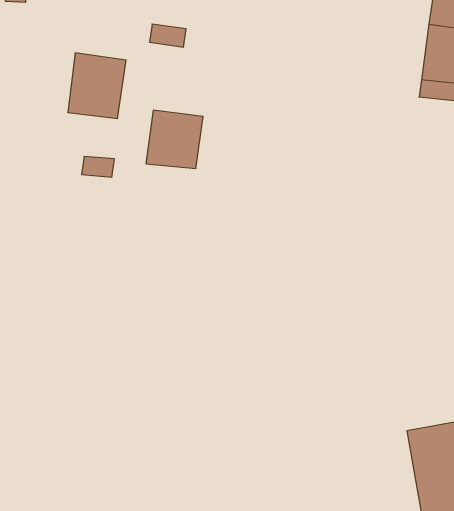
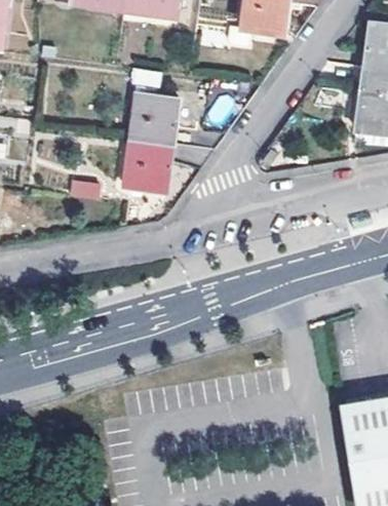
building: [68,53,126,118] -> [130,89,180,145]

